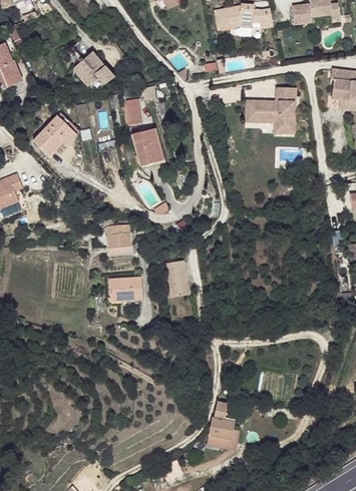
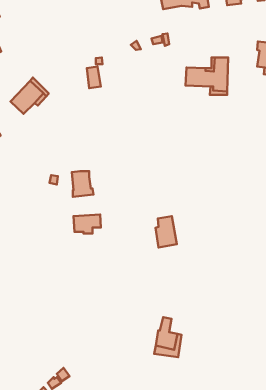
building: [72,51,114,86] -> none
building: [132,128,162,165] -> none
building: [163,260,190,298] -> [155,216,177,248]

